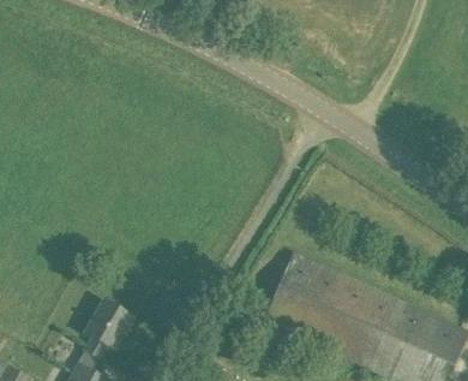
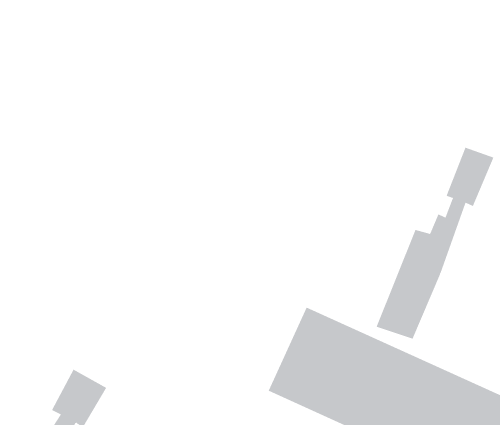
building: none -> [376,147,494,340]

